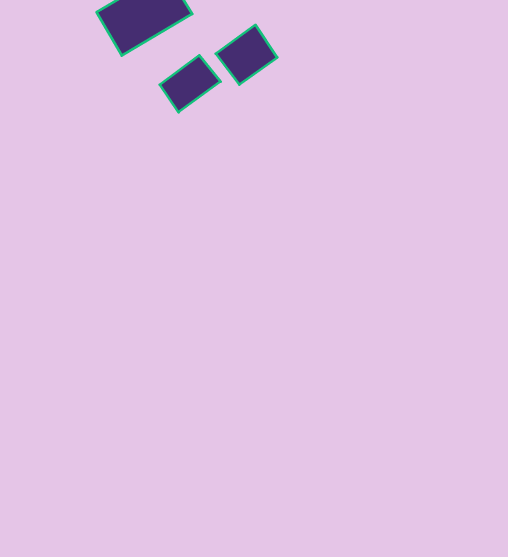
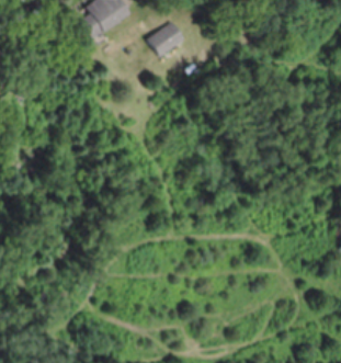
building: [160,55,221,112] -> none

